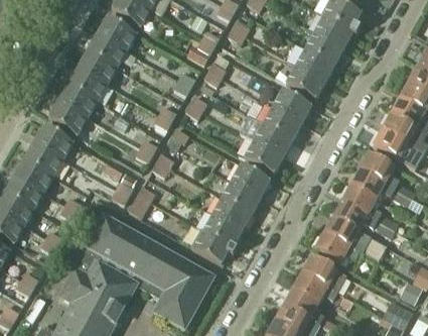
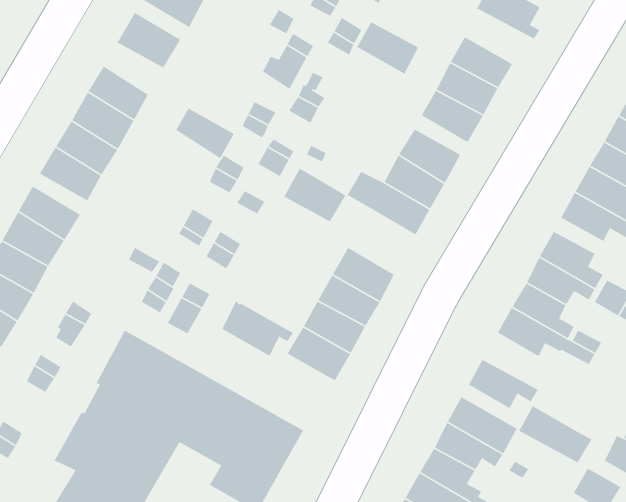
building: [313,15,352,48] -> [356,21,419,75]
building: [89,35,126,68] -> [175,107,235,159]
building: [244,138,283,173] -> [283,168,346,223]
building: [324,216,371,252] -> [518,405,593,464]
building: [191,228,237,263] -> [221,300,294,357]

